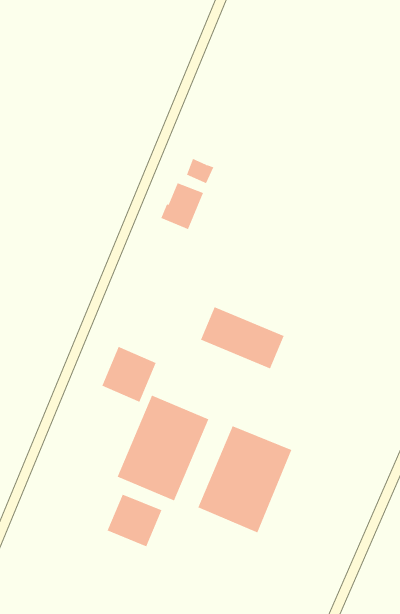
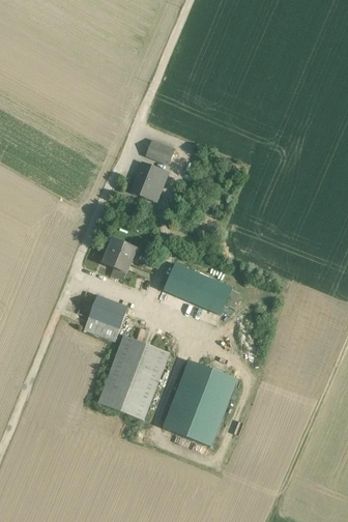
building: none -> [103,238,137,272]
building: [107,494,162,547] -> none

